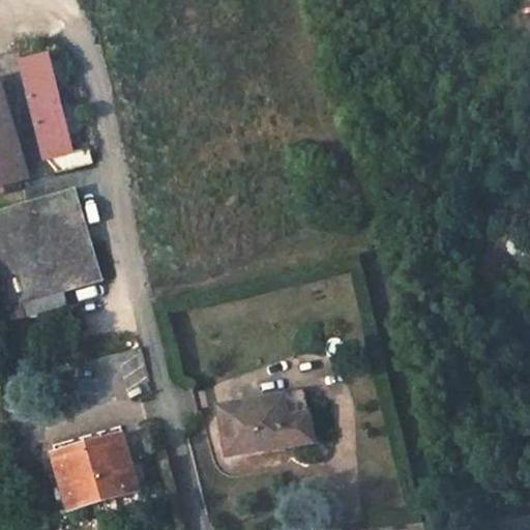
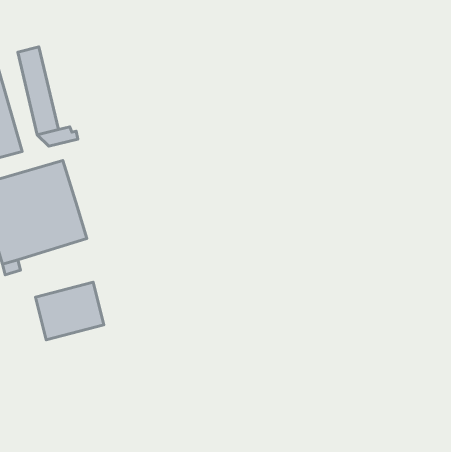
building: [219,391,310,453] -> none
building: [55,440,135,507] -> [35,282,104,340]

